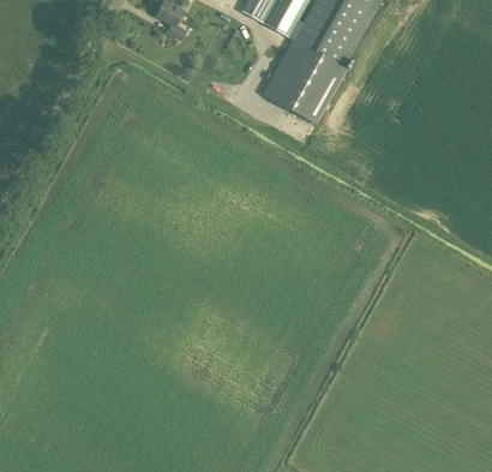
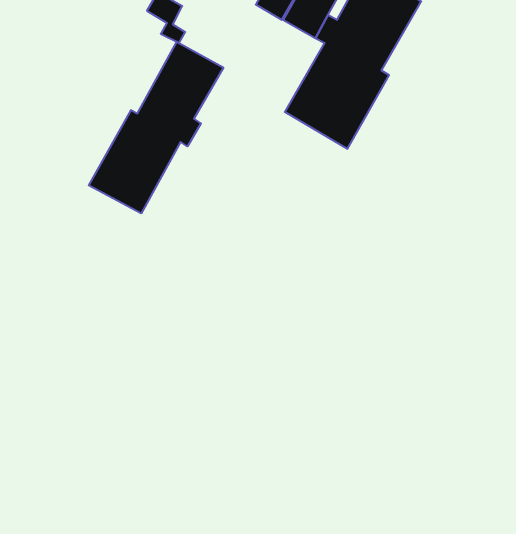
building: none -> [89,42,223,213]

